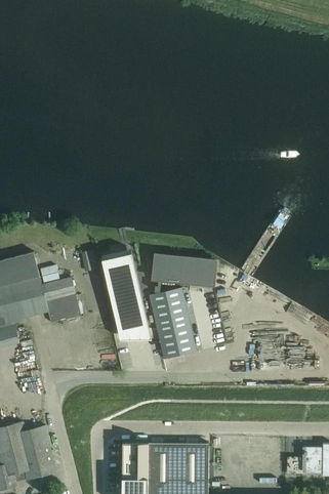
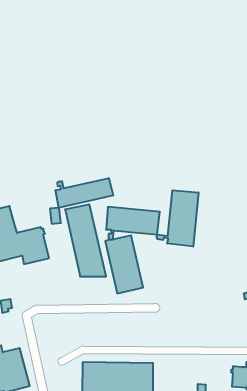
building: none -> [56,178,113,208]
building: none -> [157,190,198,247]

